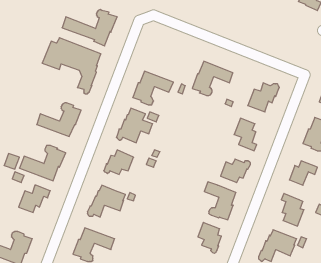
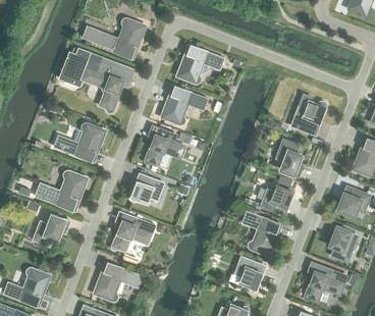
building: [192,61,233,96] -> [178,45,224,84]

